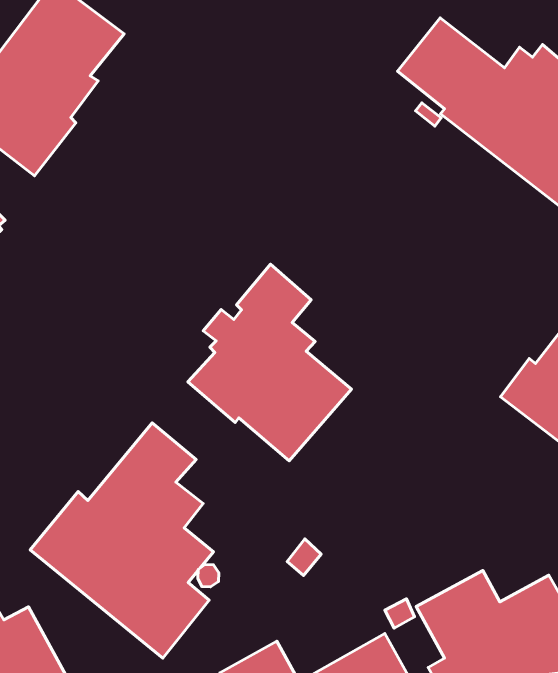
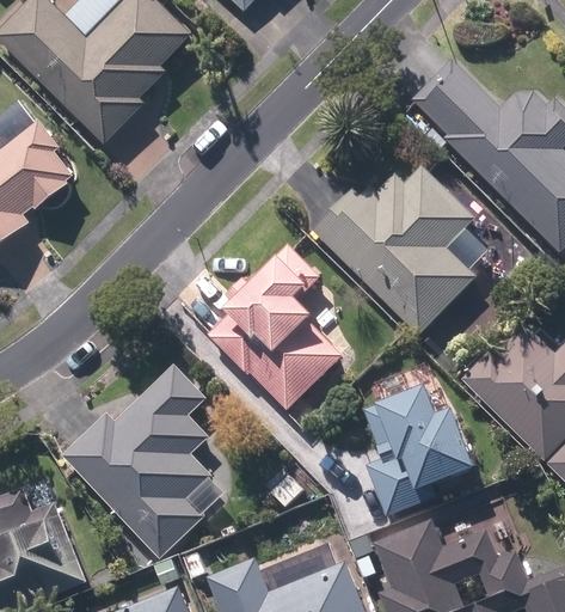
building: none -> [312,164,487,332]
building: none -> [363,373,480,515]

